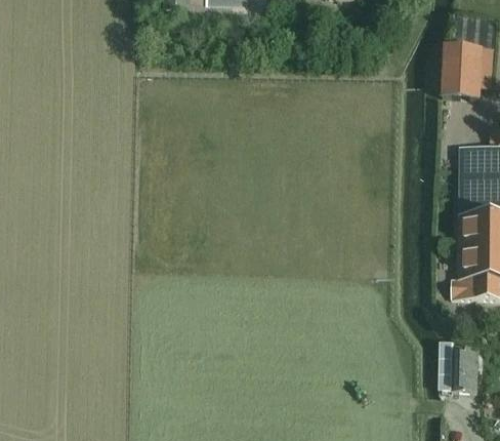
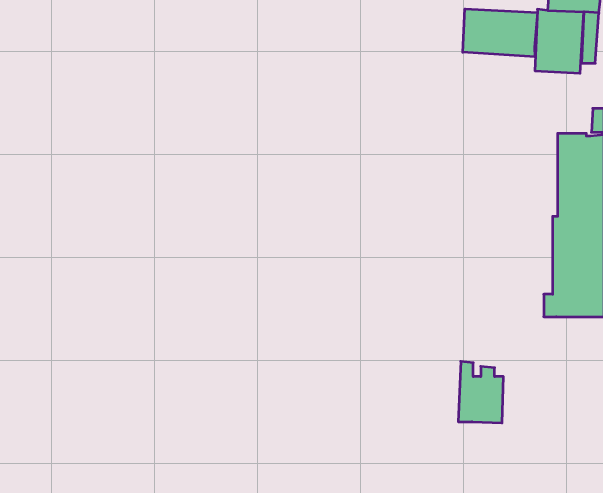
building: none -> [463,9,537,57]
building: [441,342,477,392] -> [458,361,503,423]

